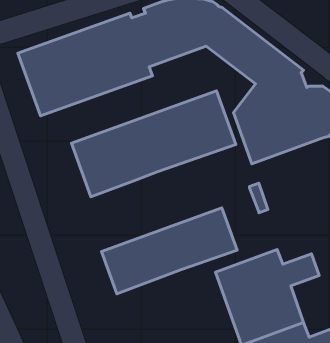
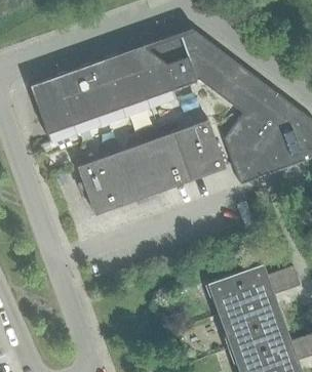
building: [101,208,237,294] -> none

